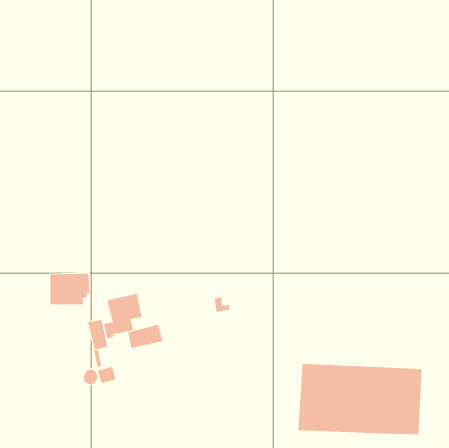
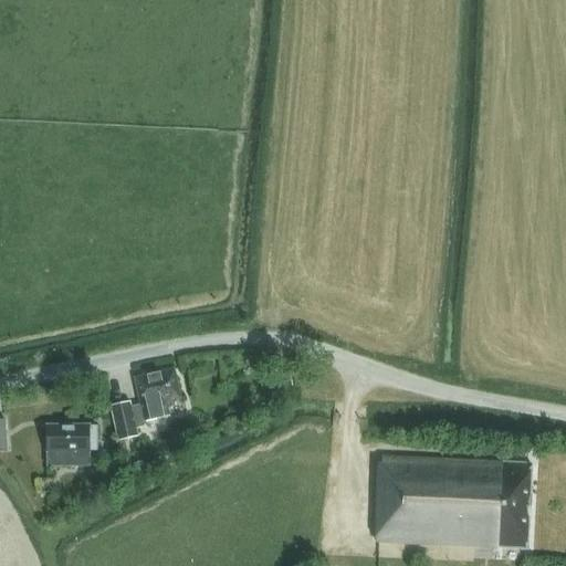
building: [50,273,90,305] -> [45,424,96,464]
building: [127,324,164,349] -> none

